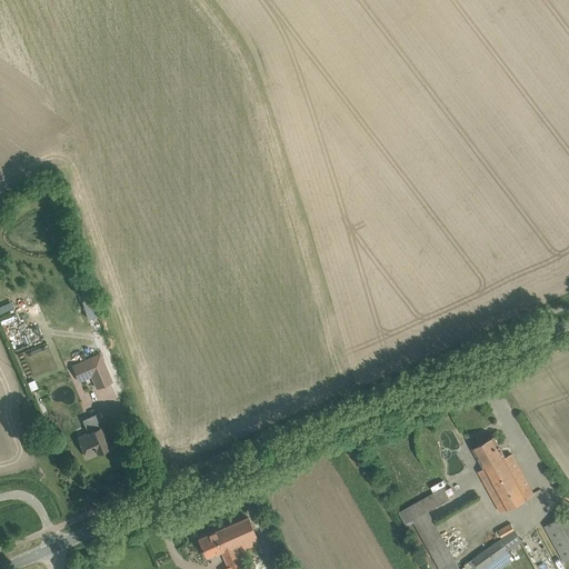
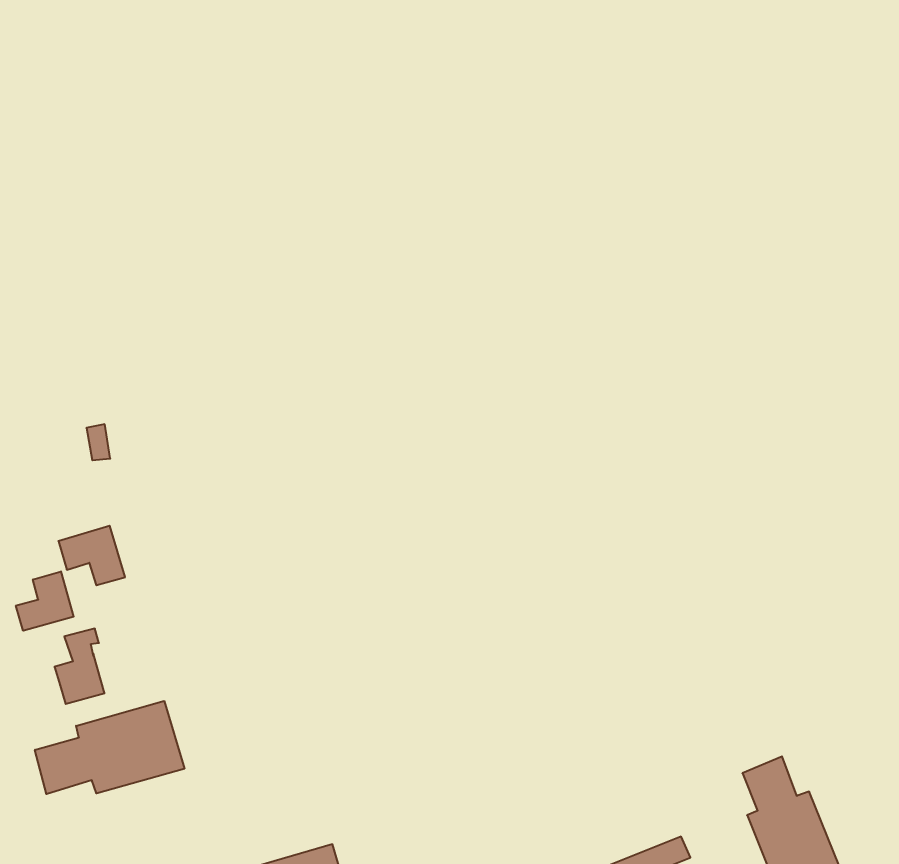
building: none -> [16,571,74,631]
building: none -> [35,701,184,794]

